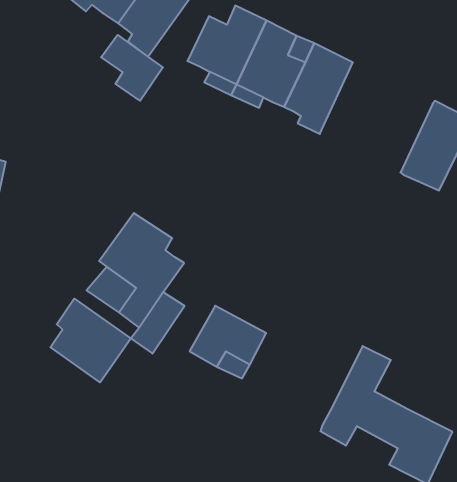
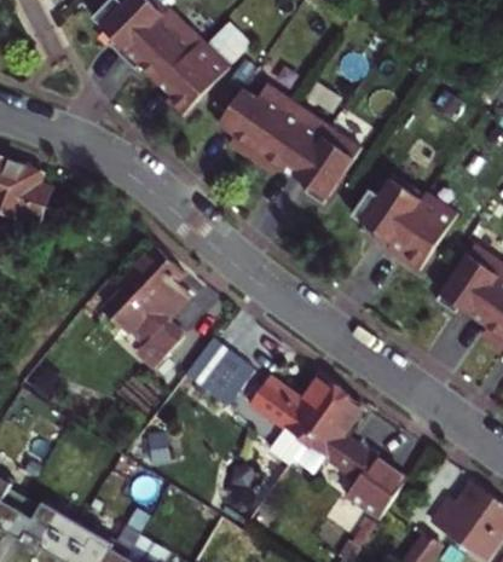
building: [101,35,163,101] -> none
building: none -> [353,172,426,247]
building: [50,299,131,382] -> none
building: none -> [244,378,335,442]

